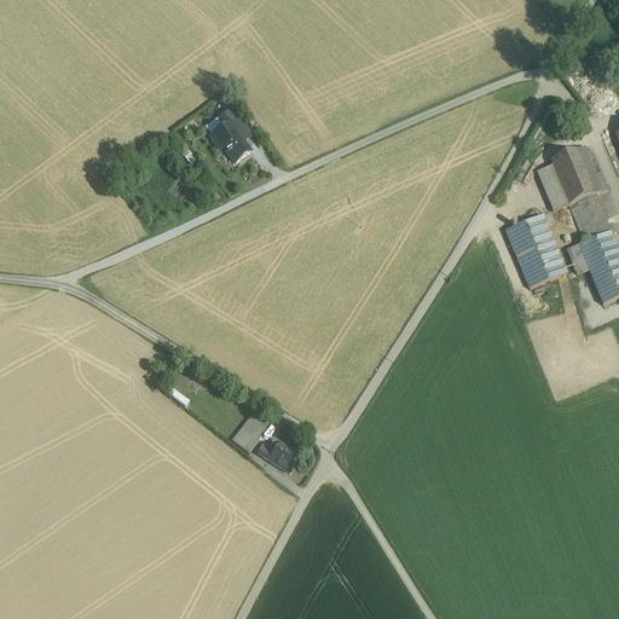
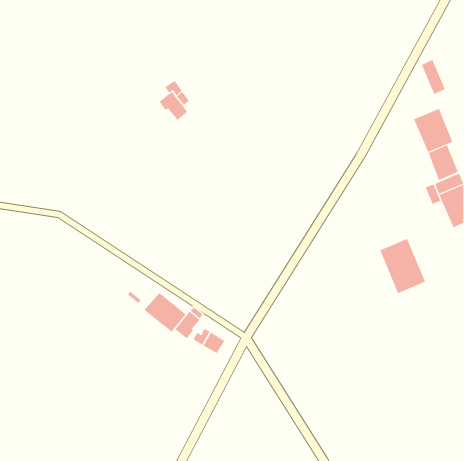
building: [537,163,569,210] -> [421,59,446,95]
building: [505,214,567,288] -> [379,238,426,294]
building: none -> [143,292,187,332]

